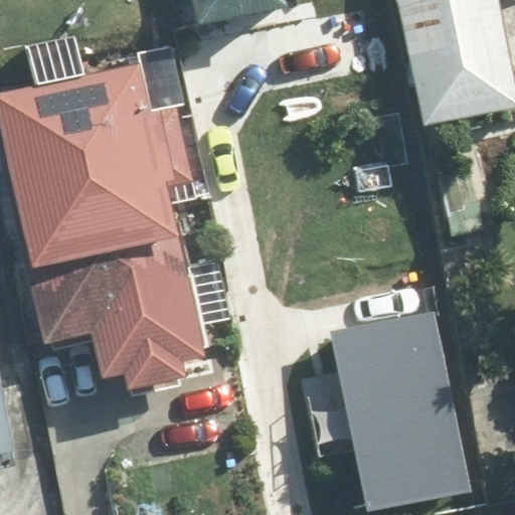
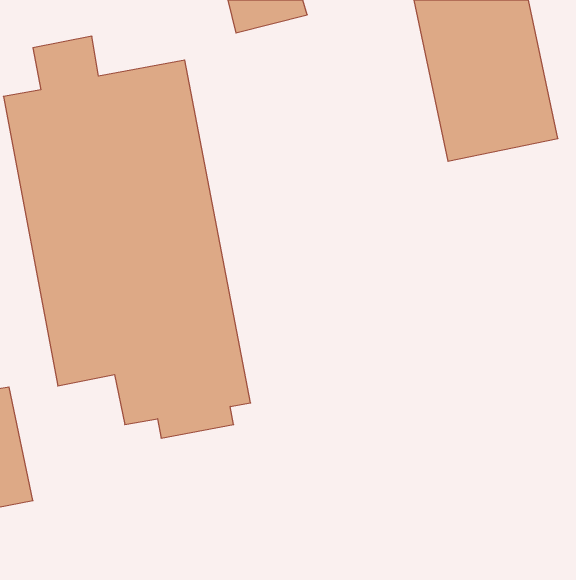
building: [324,311,454,501] -> none

